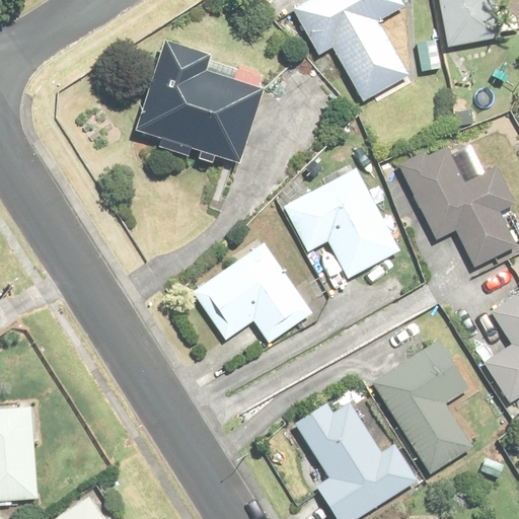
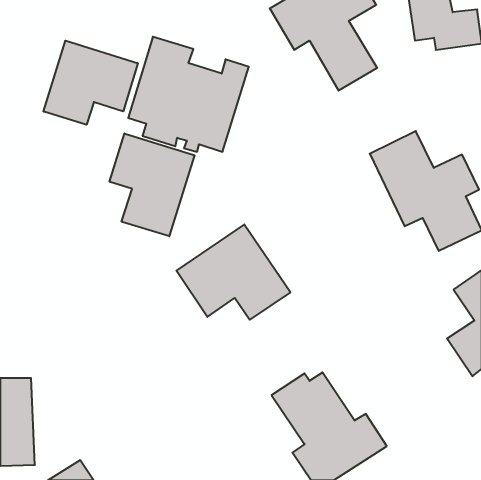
building: none -> [43,41,138,125]
building: none -> [110,133,195,236]
building: [285,167,401,280] -> none
building: [370,339,471,471] -> none

